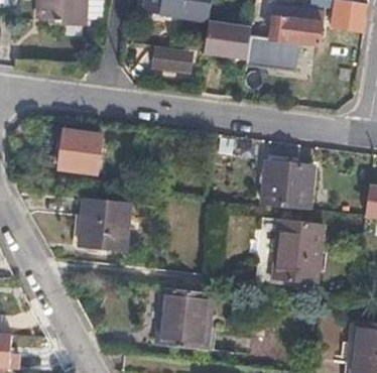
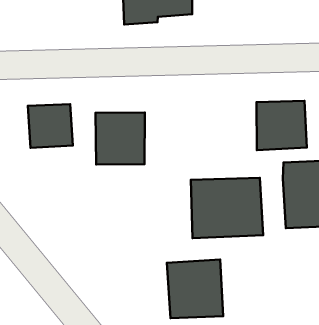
building: [78,197,129,250] -> [95,113,145,164]
building: none -> [191,178,263,238]

